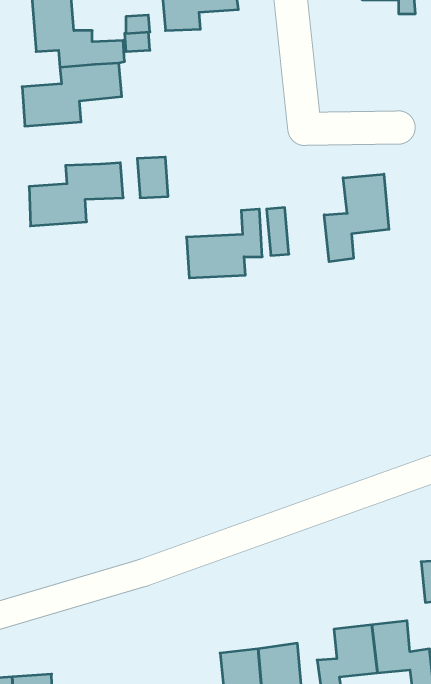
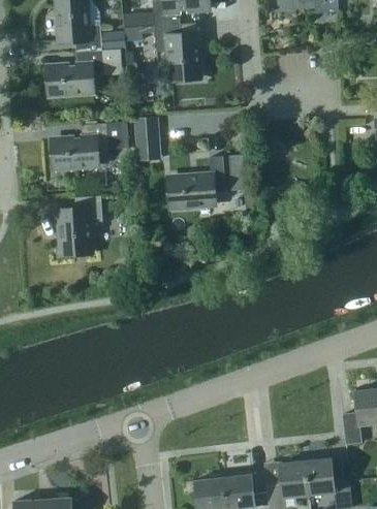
building: none -> [154,24,199,78]
building: [324,174,389,262] -> none
building: none -> [58,195,102,253]

